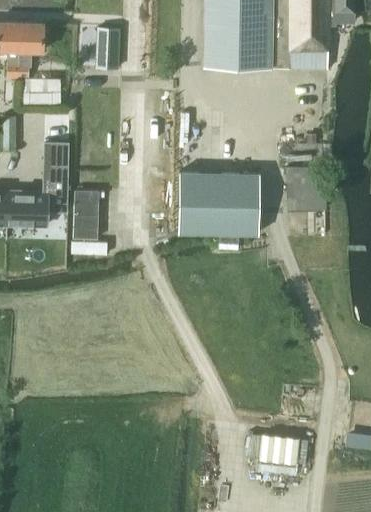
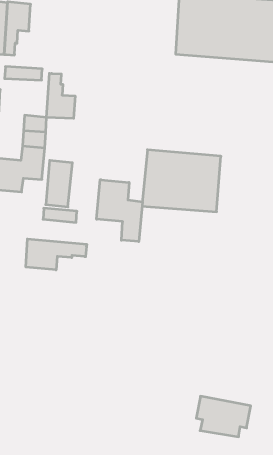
building: [96,30,118,69] -> none
building: none -> [47,73,75,118]
building: none -> [97,180,142,242]
building: none -> [26,239,87,270]

